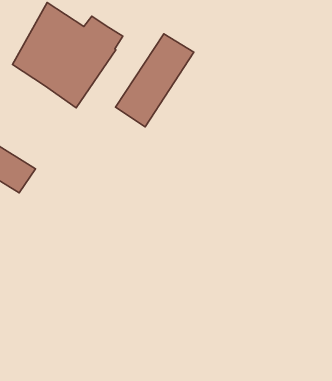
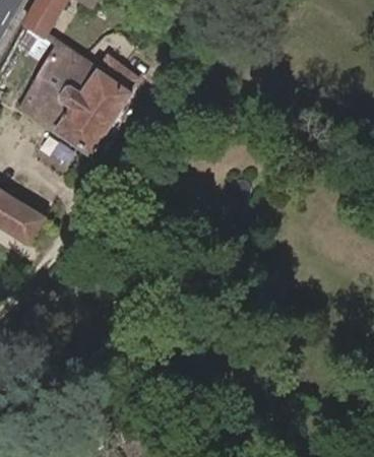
building: [115,34,194,127] -> none

